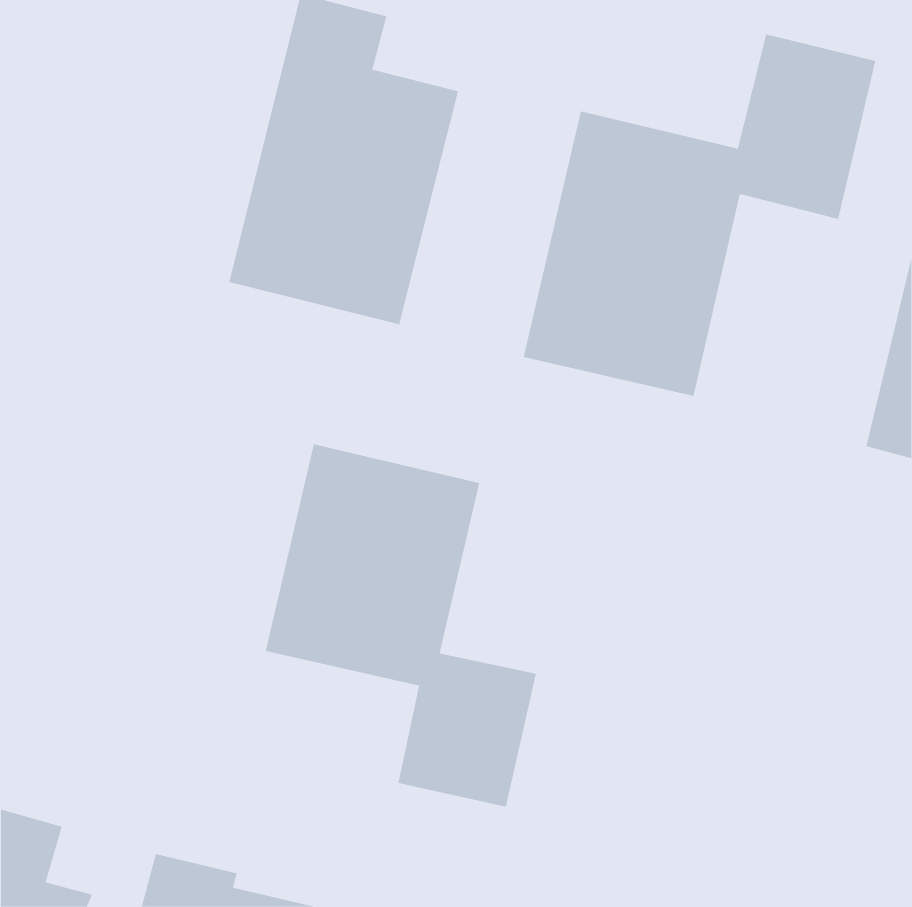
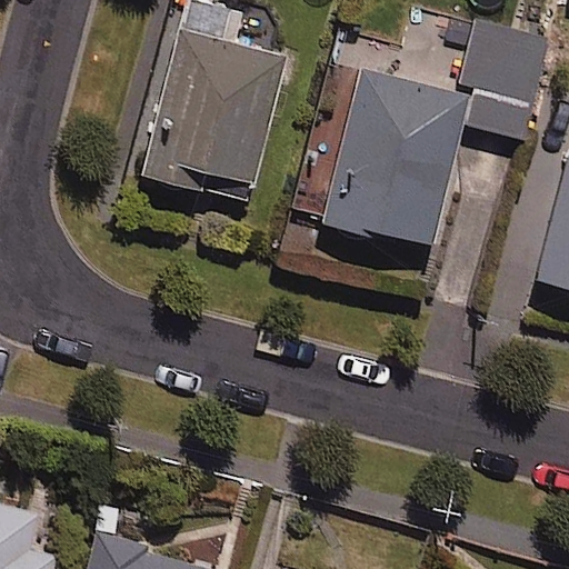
building: [265,444,537,808] -> none

